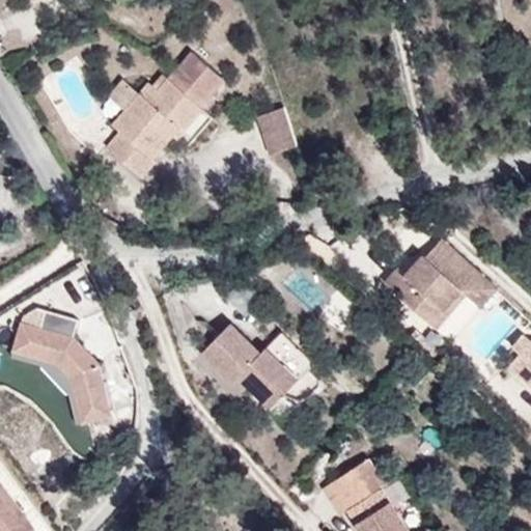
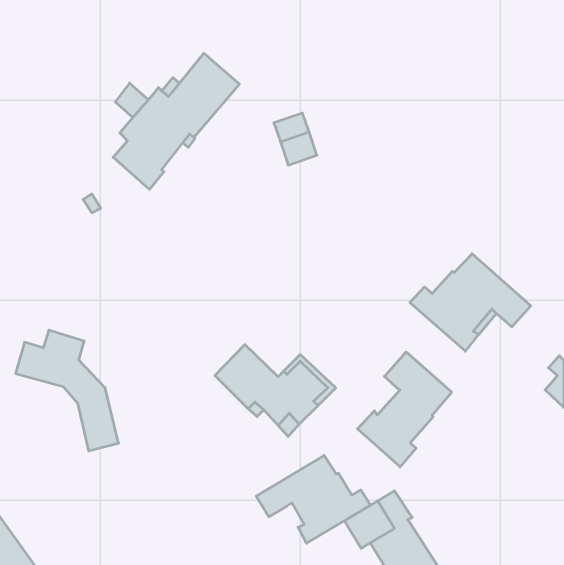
building: none -> [357,352,452,467]
building: [12,351,83,424] -> none
building: none -> [256,455,370,543]

